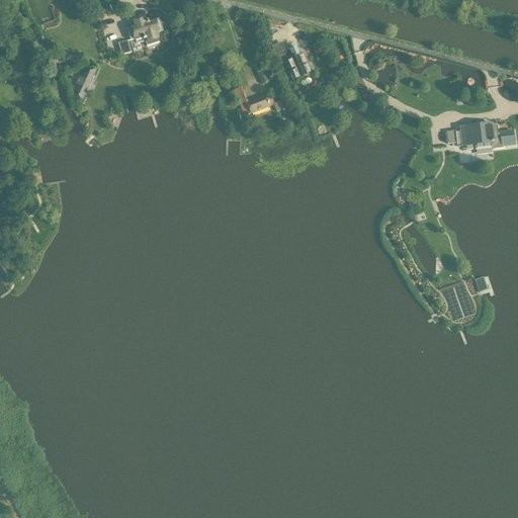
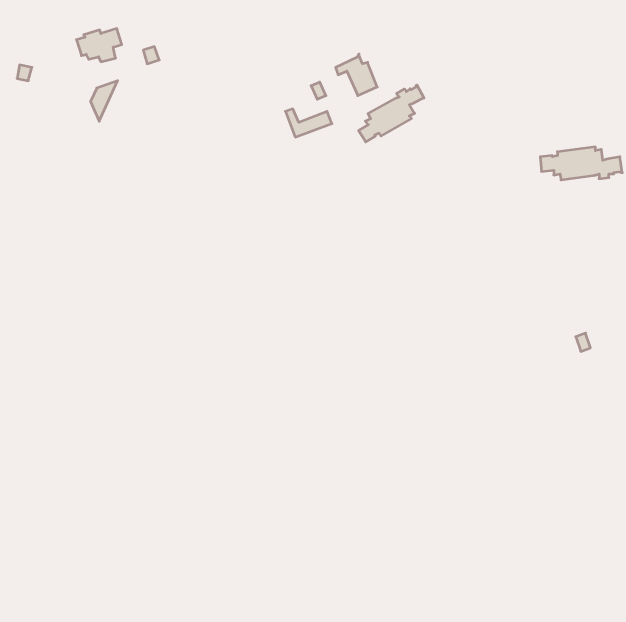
building: [126,16,164,44] -> [76,29,122,62]
building: none -> [359,85,424,142]

